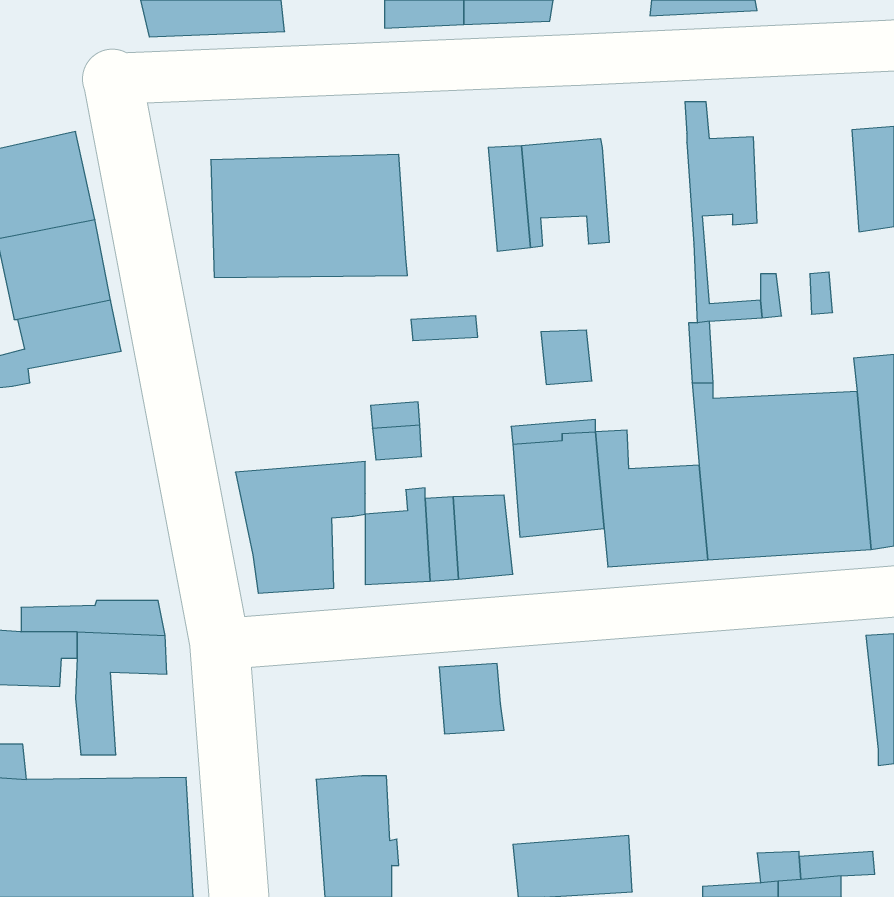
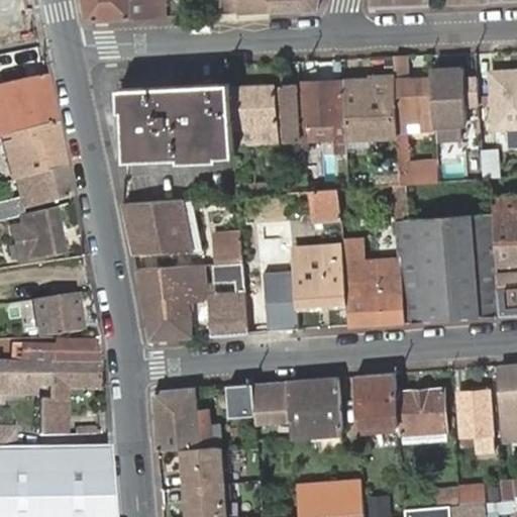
building: none -> [432,69,467,128]
building: none -> [345,77,399,143]
building: none -> [229,86,281,148]
building: none -> [121,199,200,256]
building: none -> [7,213,61,262]
building: none -> [33,295,78,336]
building: none -> [354,374,397,432]
building: none -> [286,378,341,435]
building: none -> [224,384,257,448]
building: none -> [152,388,208,450]
building: none -> [400,391,448,433]
building: none -> [458,395,490,433]

